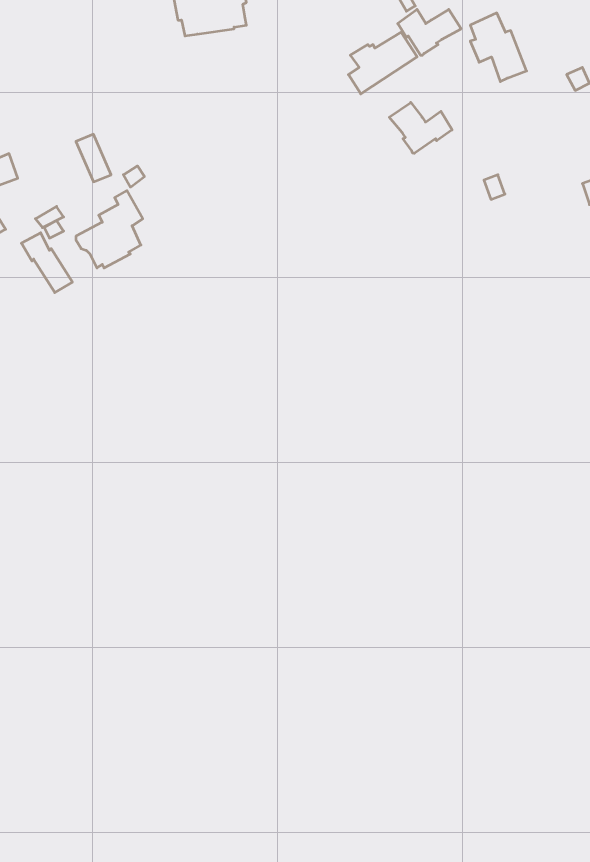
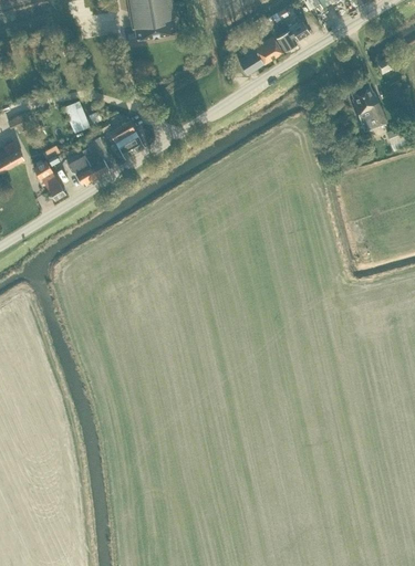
building: [470,13,527,82] -> [351,83,386,126]
building: [389,102,452,153] -> none
building: none -> [110,119,144,157]

